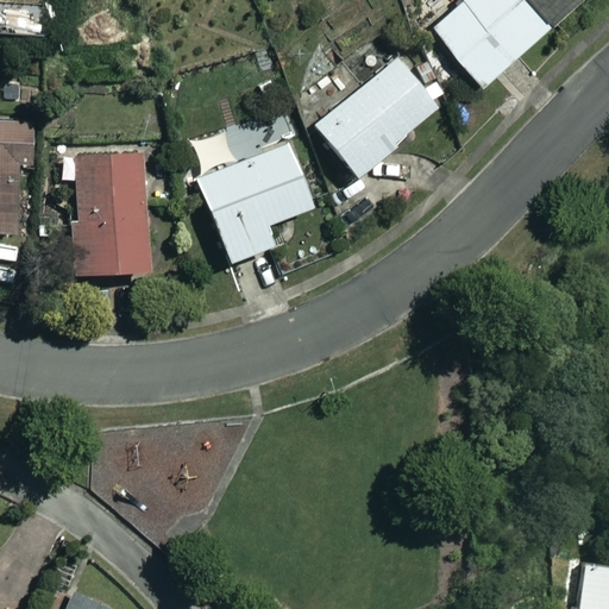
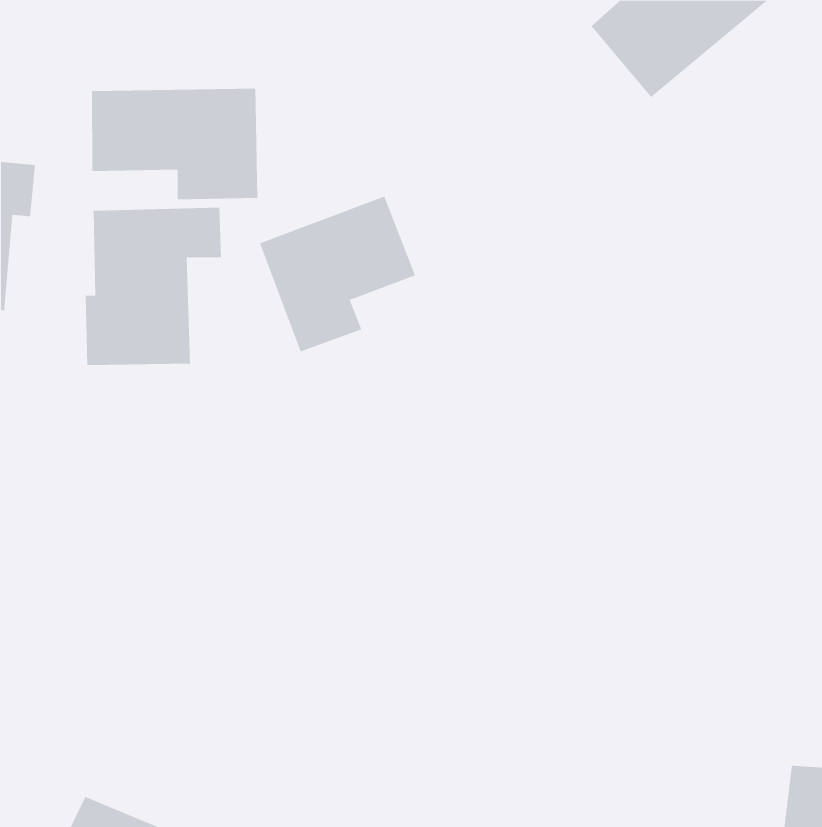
building: [315,62,438,177] -> none
building: none -> [91,88,258,200]

